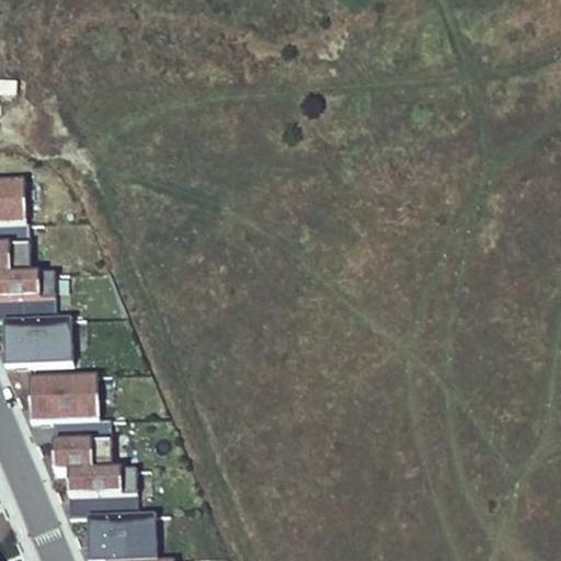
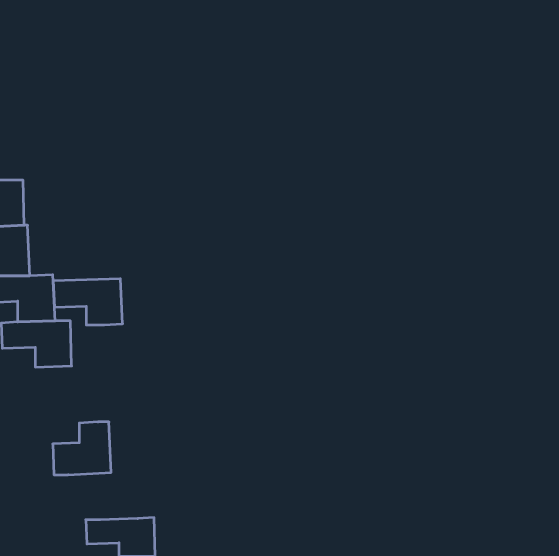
building: [28,376,98,422] -> [53,279,123,325]
building: [68,471,137,518] -> none

